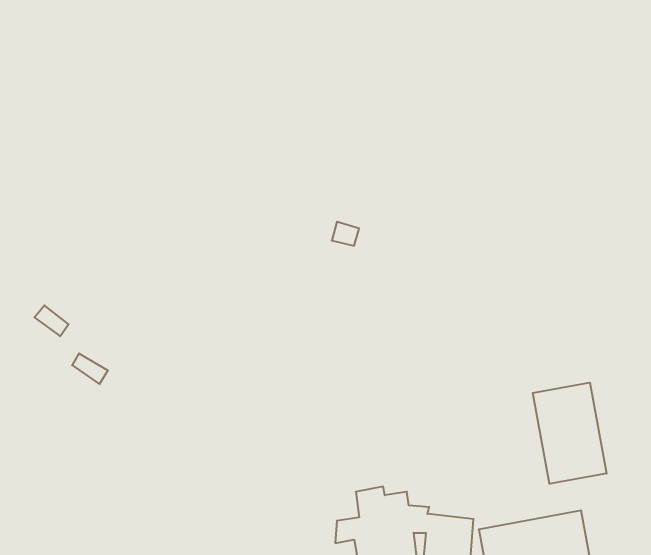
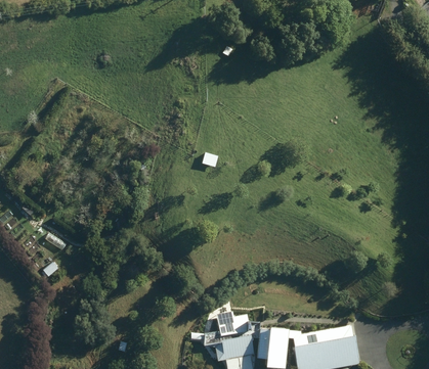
building: [533,383,607,484] -> none

